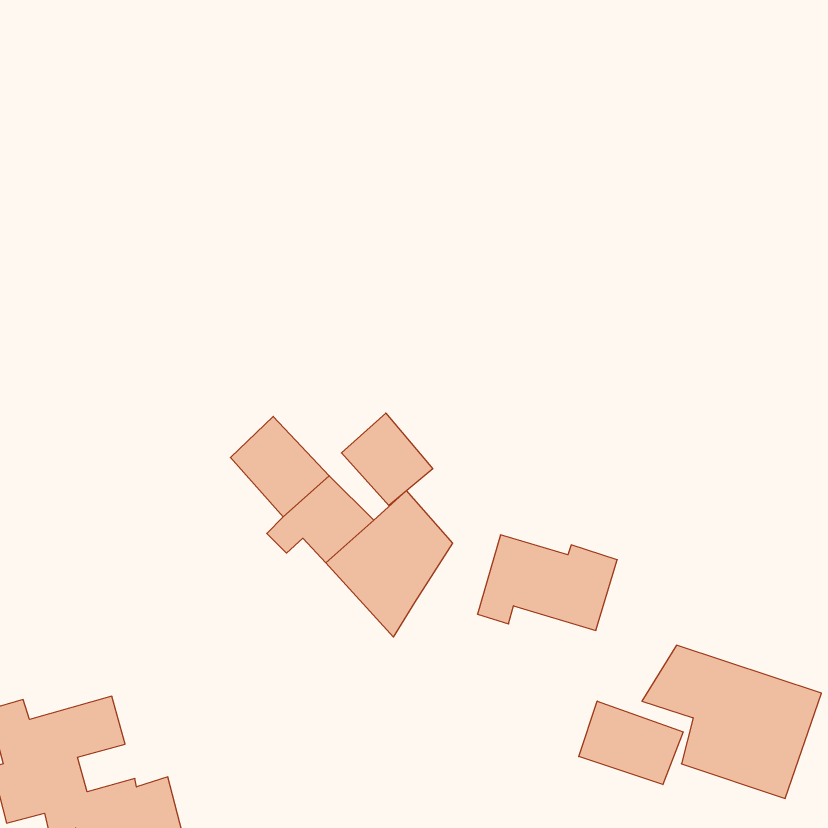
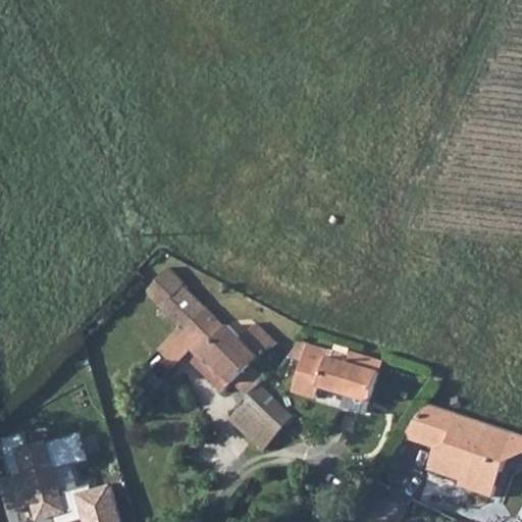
building: [341,413,433,505] -> none
building: none -> [229,381,295,457]
building: [579,701,683,785] -> none

